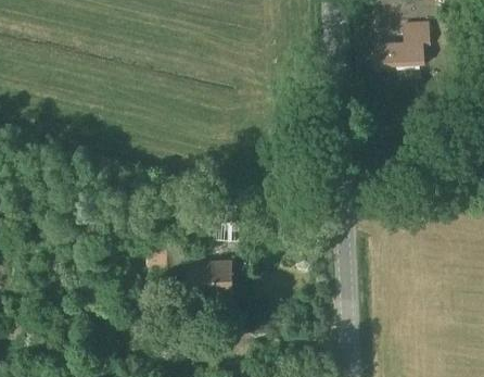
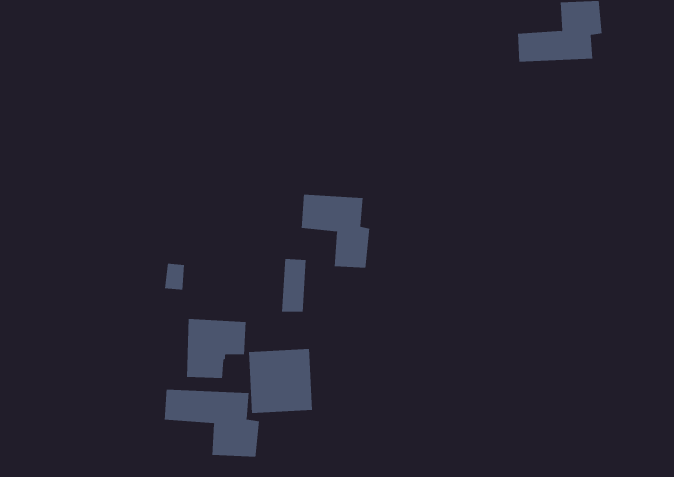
building: none -> [301,194,370,268]
building: none -> [164,389,259,457]

